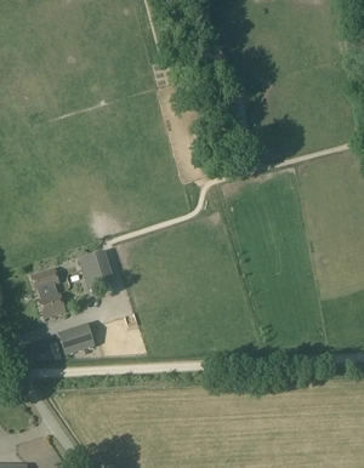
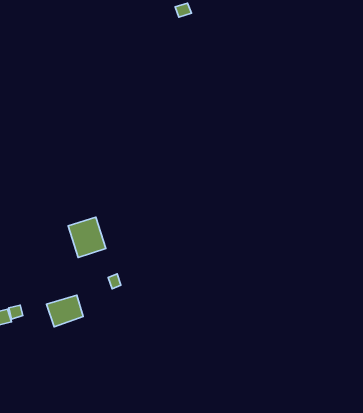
building: [30,264,64,314] -> none

